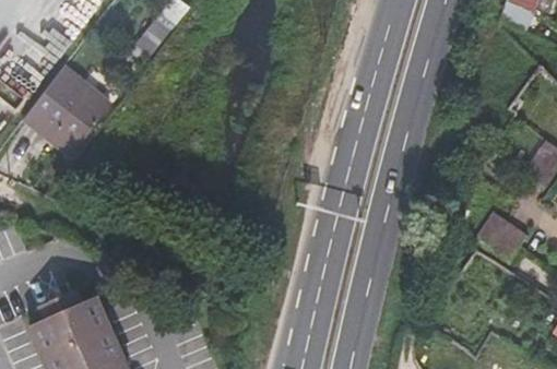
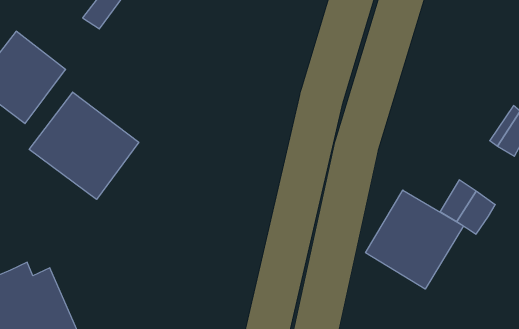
building: none -> [29,92,139,199]
building: none -> [366,190,464,289]

